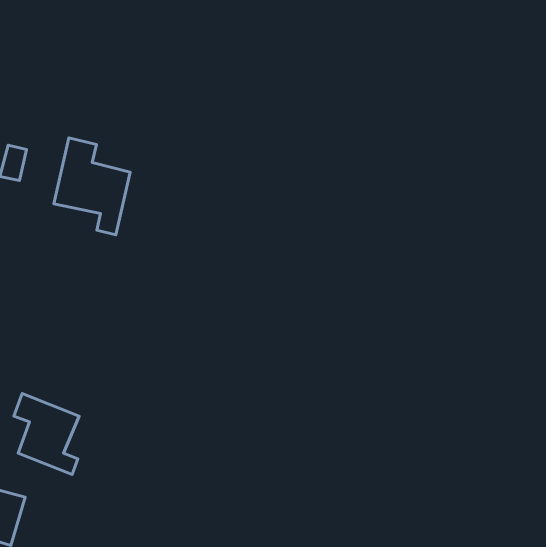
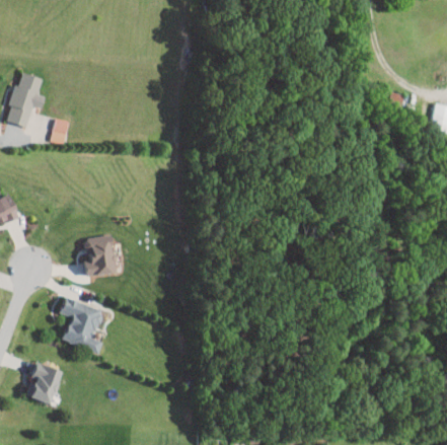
building: [54,138,130,235] -> none
building: none -> [81,236,114,277]

